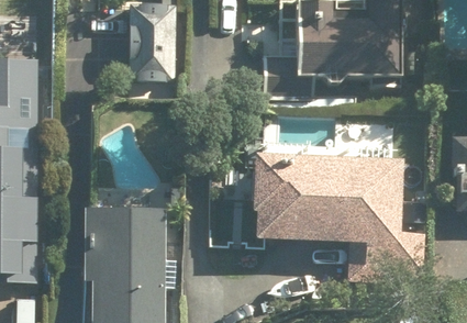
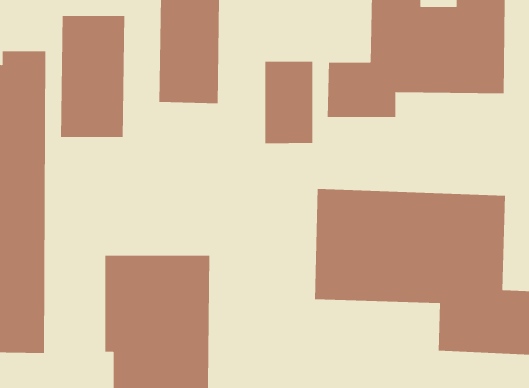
building: none -> [60,15,125,138]
building: none -> [265,61,313,144]

